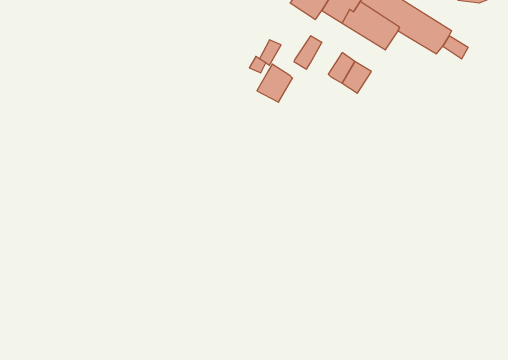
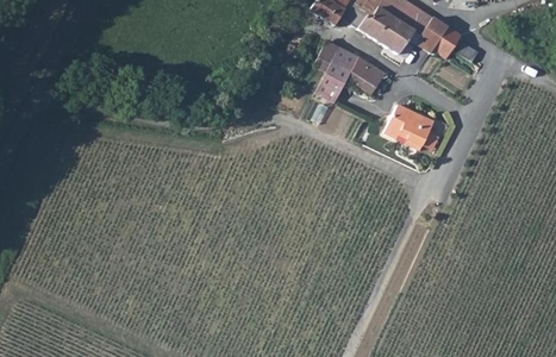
building: [257,64,293,102] -> [316,64,349,100]
building: none -> [388,104,436,146]

